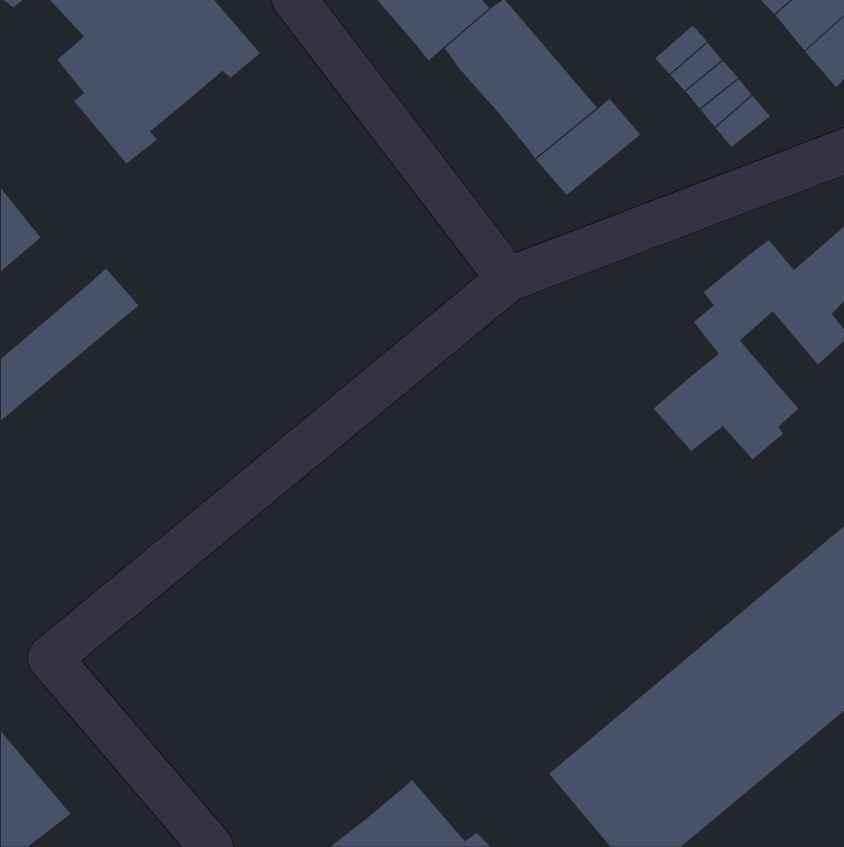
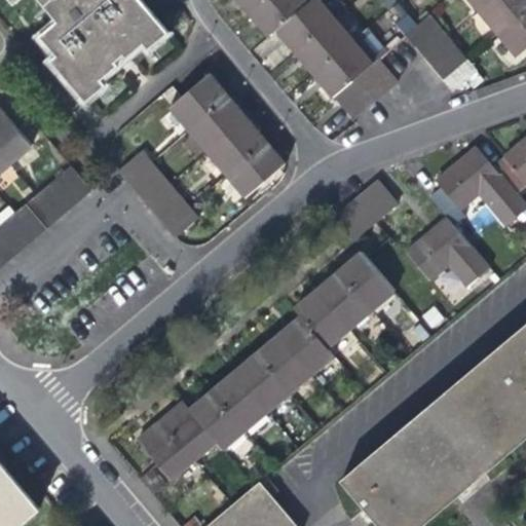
building: none -> [170,75,280,197]
building: none -> [115,151,196,238]
building: none -> [334,178,400,239]
building: none -> [137,251,396,480]

